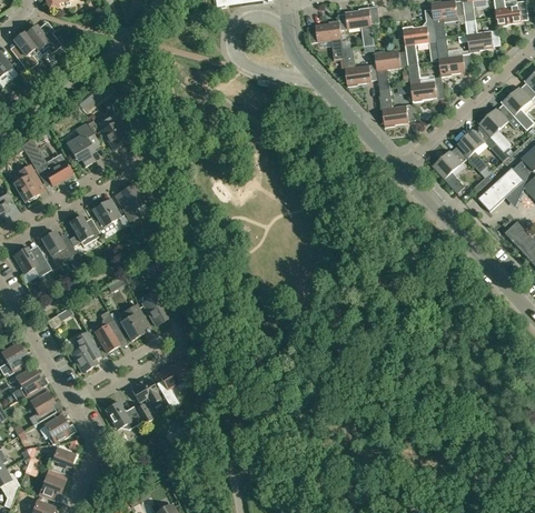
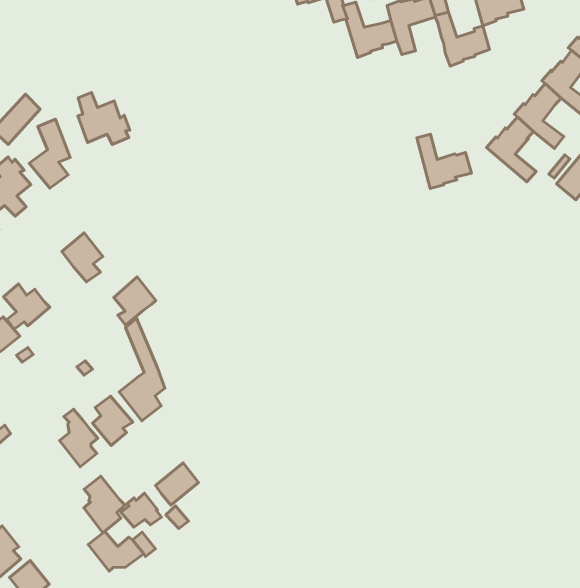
building: none -> [78,93,130,144]
building: [380,88,416,127] -> [417,134,471,188]
building: [92,197,122,230] -> [114,277,156,325]
building: [71,331,101,372] -> [84,476,125,533]

